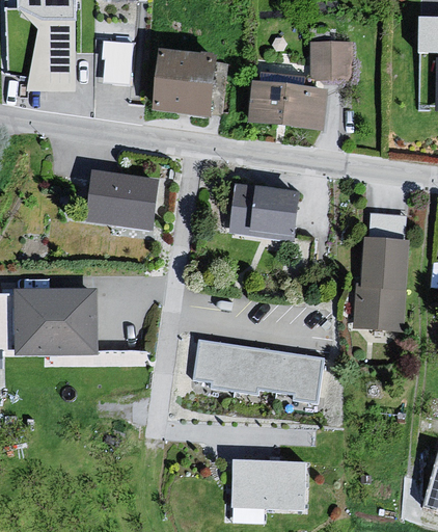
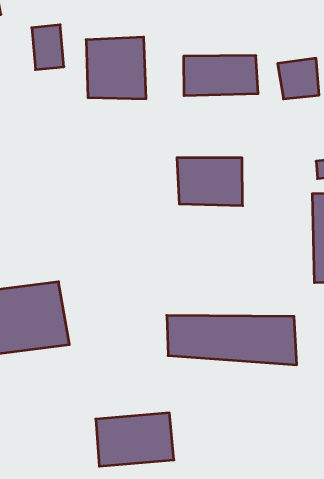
building: [309,44,349,81] -> [278,58,319,99]
building: [84,170,162,231] -> none
building: [230,456,308,508] -> [96,413,174,466]

